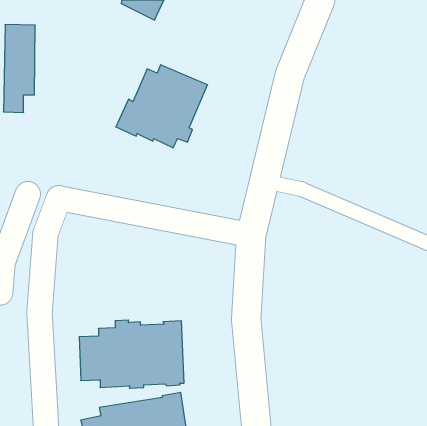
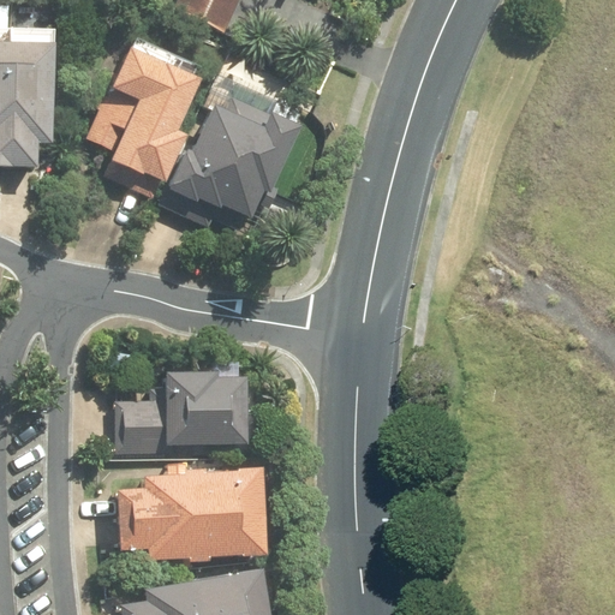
building: none -> [86,44,201,199]
building: none -> [115,370,249,458]

